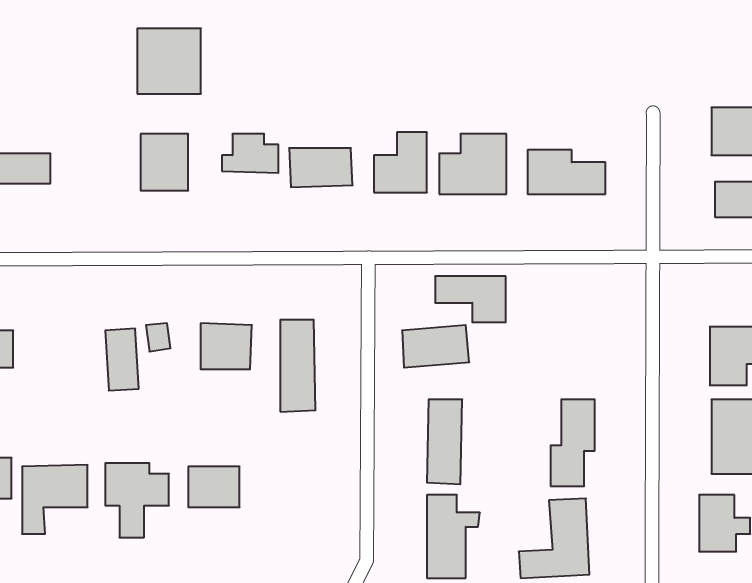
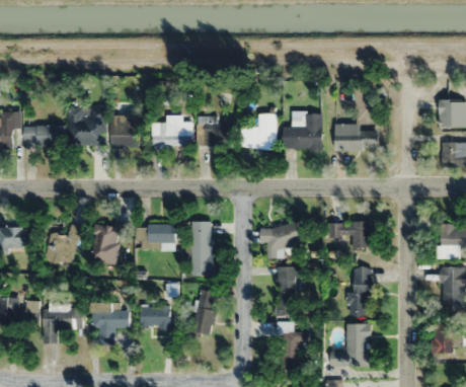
building: [137,28,201,94] -> [70,107,106,145]
building: [435,276,506,322] -> [330,223,371,249]
building: none -> [44,224,81,268]
building: none -> [191,290,217,337]

